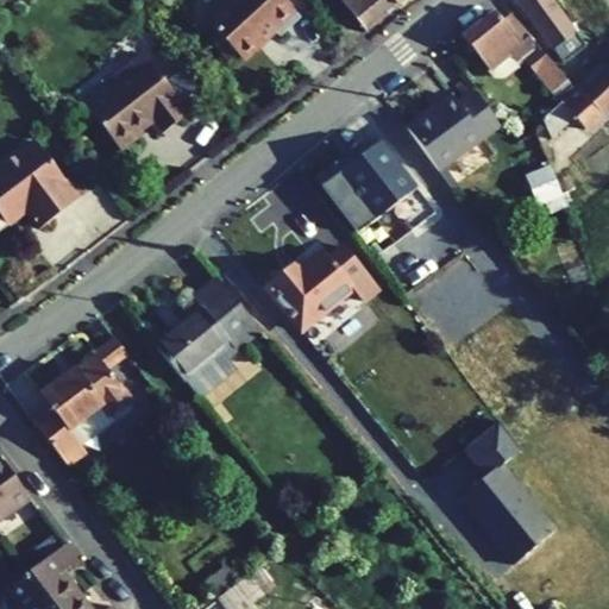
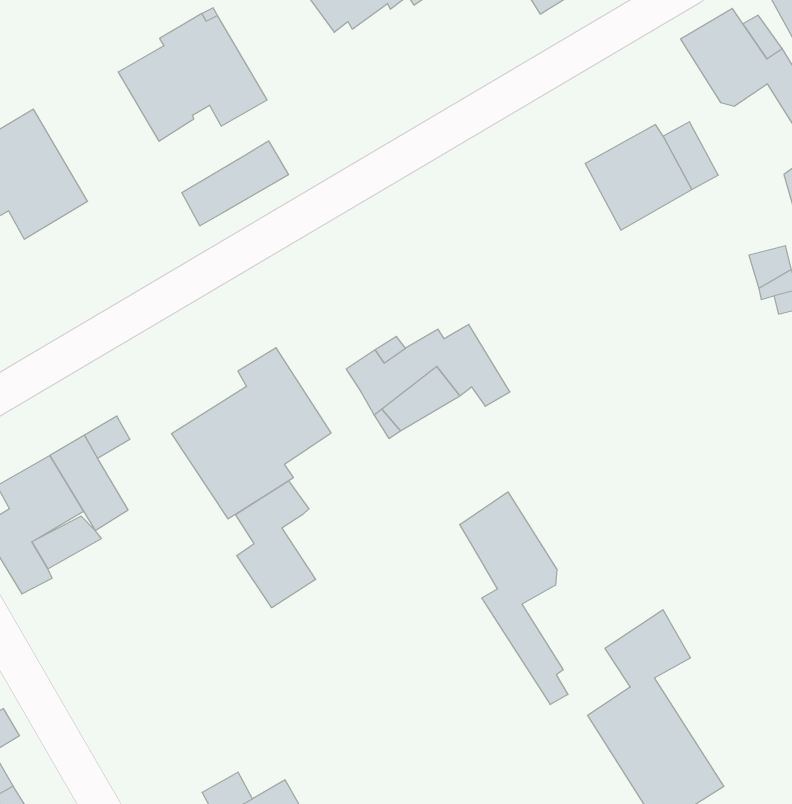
building: none -> [182,141,288,226]
building: [316,140,438,233] -> none
building: none -> [460,492,568,705]
building: none -> [236,481,316,608]

